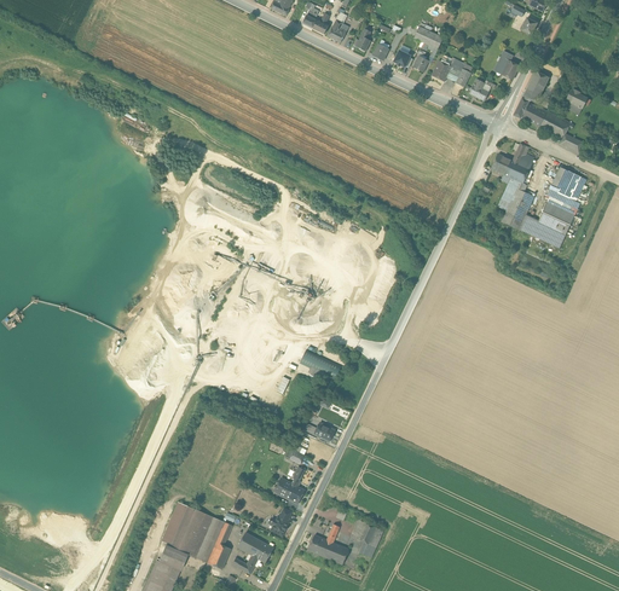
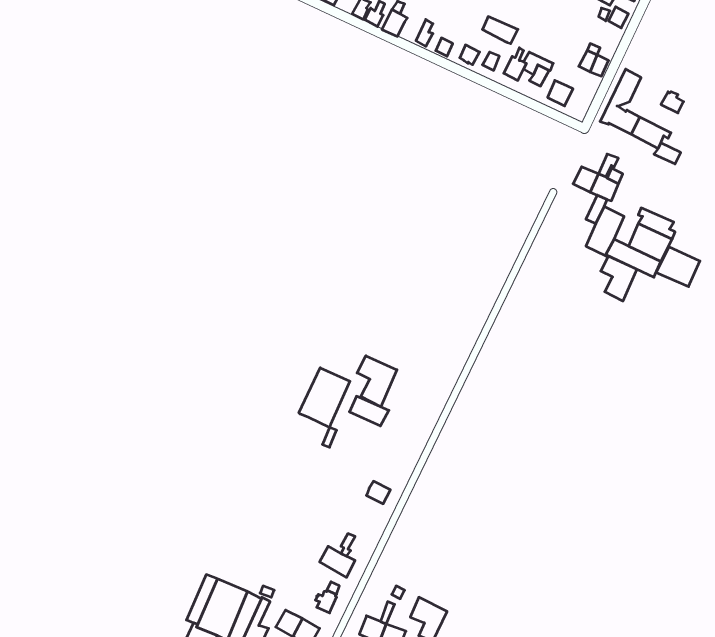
building: [548,167,585,201] -> [656,247,700,287]
building: none -> [601,256,637,301]
building: none -> [357,356,397,407]
building: none -> [299,368,350,427]

